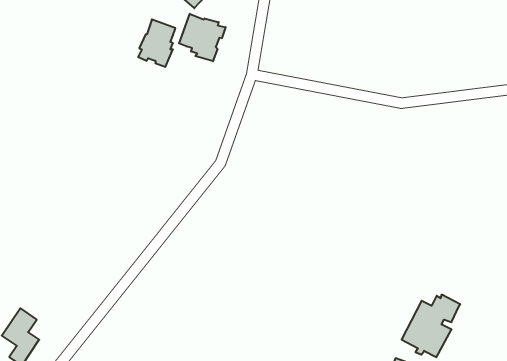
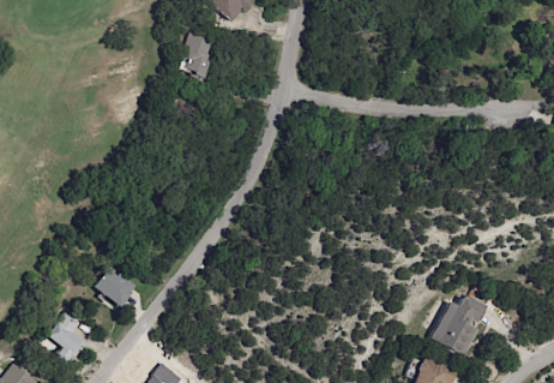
building: [179,14,226,61] -> none
building: none -> [94,264,136,304]

